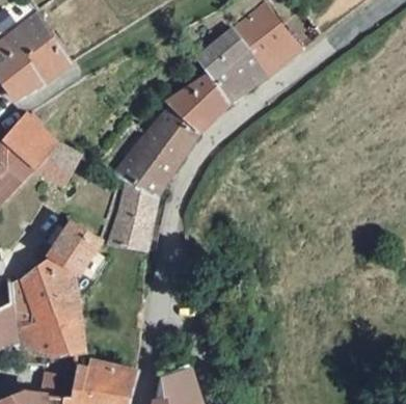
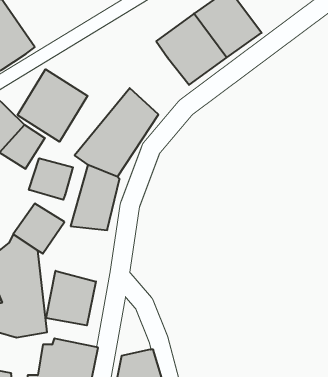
building: [167,74,227,132] -> none
building: none -> [18,69,88,142]
building: none -> [29,158,73,200]
building: none -> [46,271,96,325]

